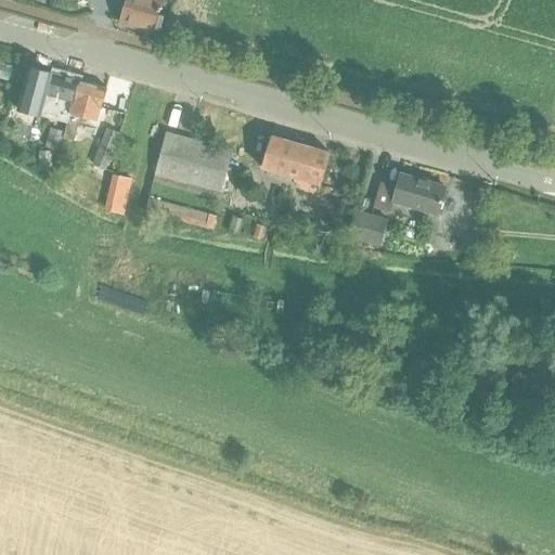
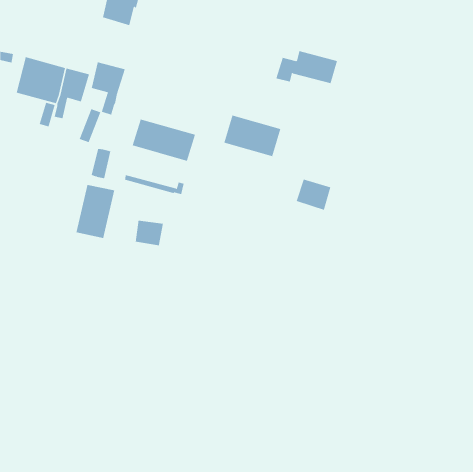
building: none -> [91,61,125,116]
building: [374,173,447,212] -> [276,51,338,84]
building: none -> [76,184,115,239]
building: none -> [135,220,163,246]

